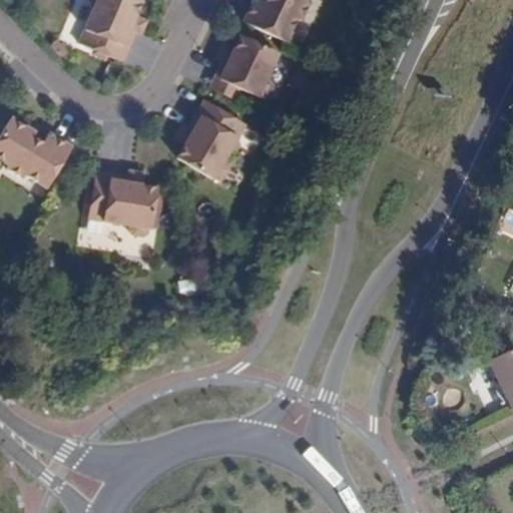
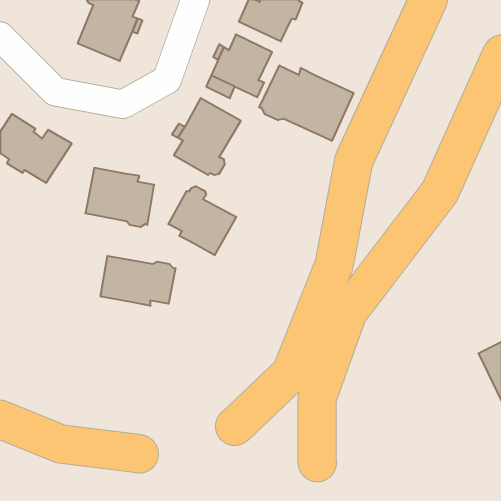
building: none -> [259,65,353,141]
building: none -> [168,186,236,255]
building: none -> [101,256,176,306]

